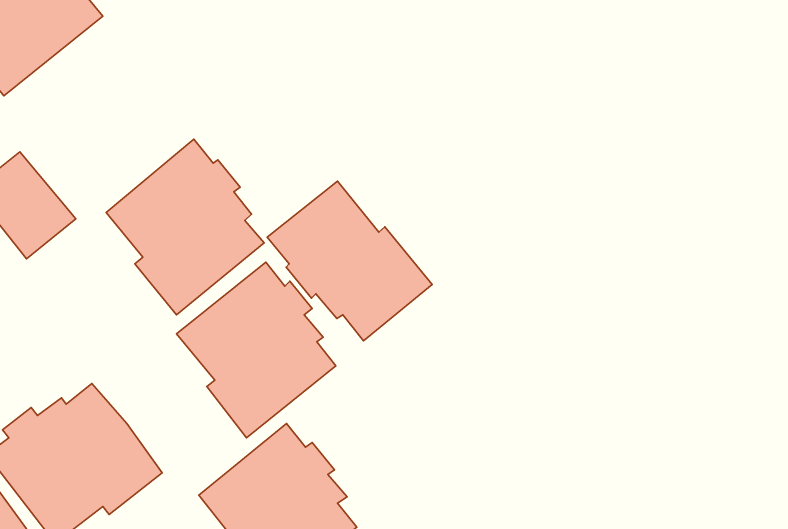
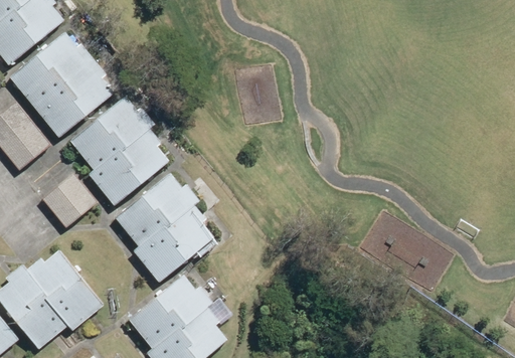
building: none -> [9,32,115,139]
building: [267,181,432,341] -> none
building: none -> [42,174,96,227]

